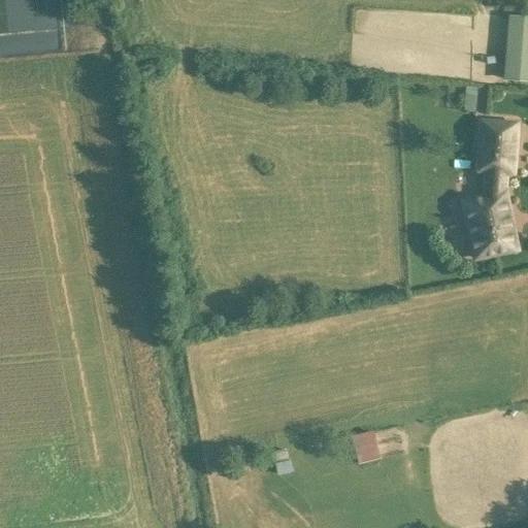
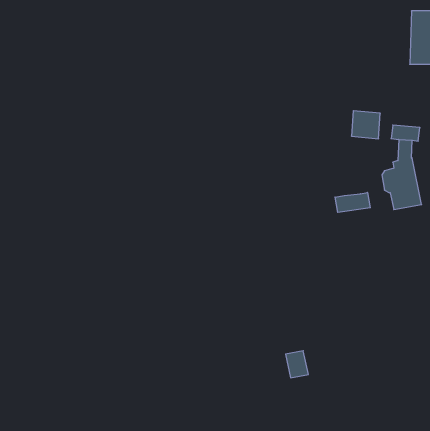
building: [482,122,517,156] -> [351,111,380,139]
building: none -> [335,192,370,212]

